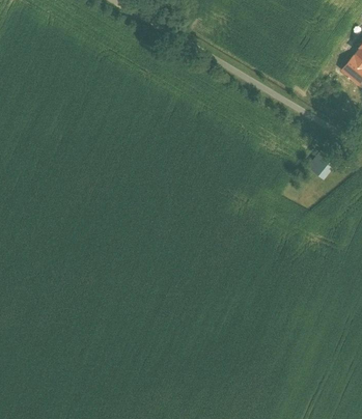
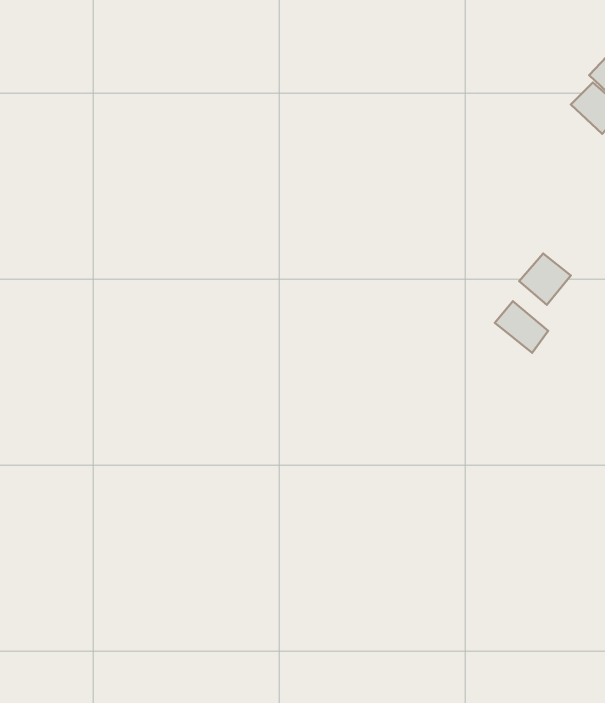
building: none -> [495,301,548,353]

